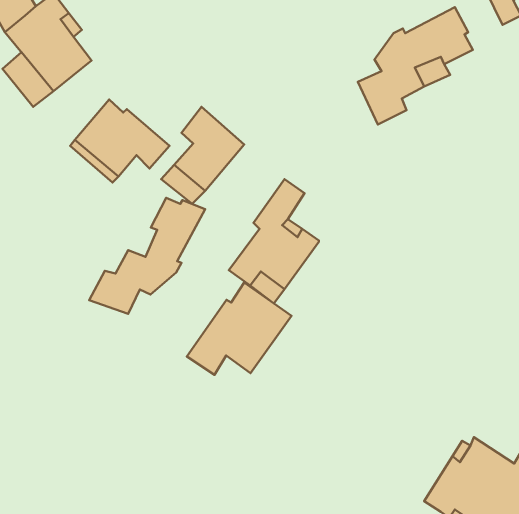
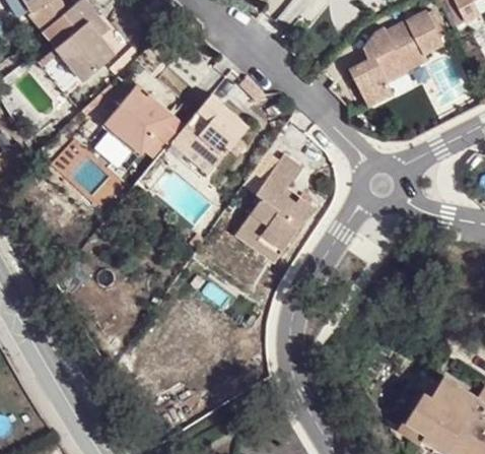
building: [89,198,205,314] -> none
building: [187,283,292,375] -> none

